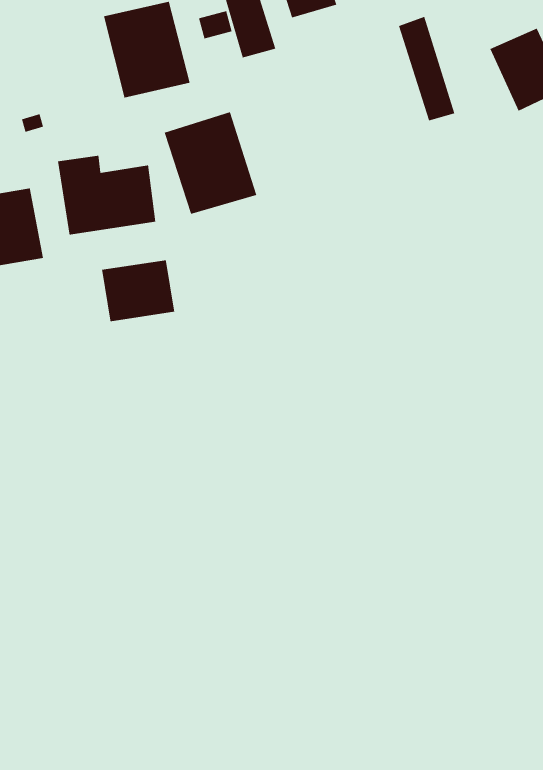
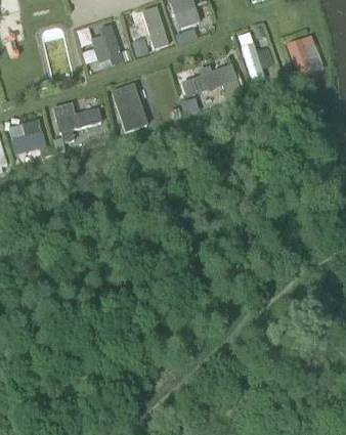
building: none -> [182,63,239,98]
building: [101,259,175,322] -> none

